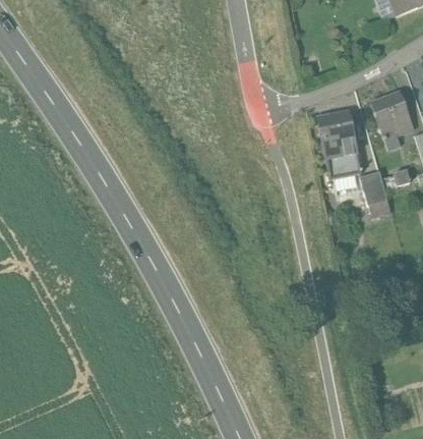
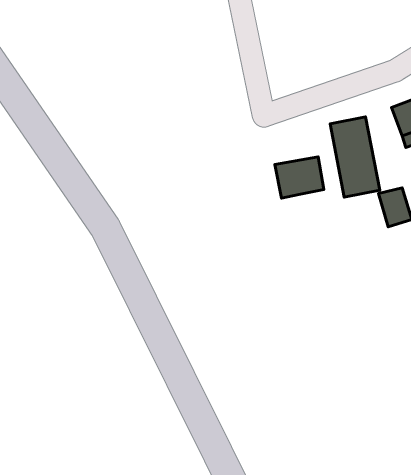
building: none -> [275,157,324,198]

